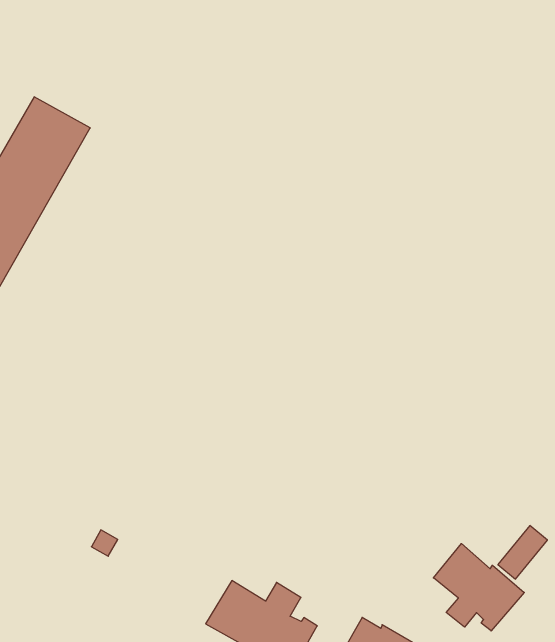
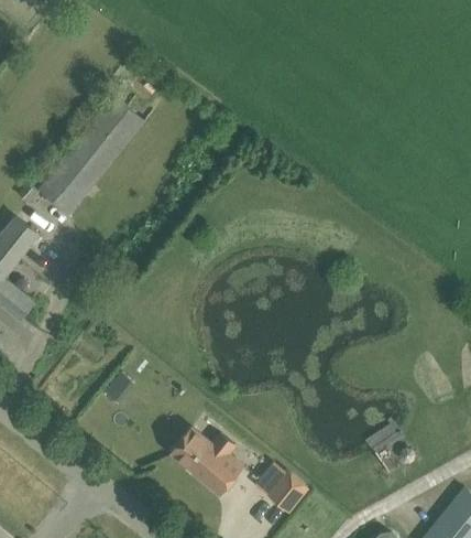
building: [433,544,524,631] -> none

